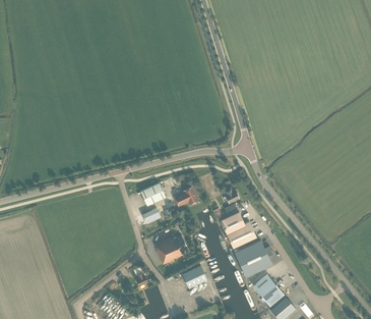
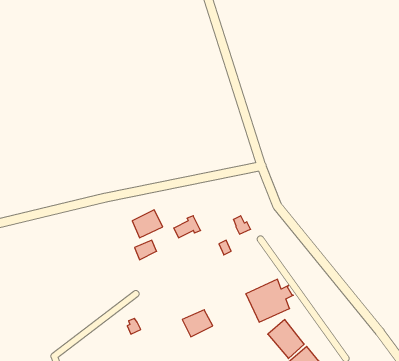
building: [220,212,255,248] -> none
building: [153,235,188,264] -> none

